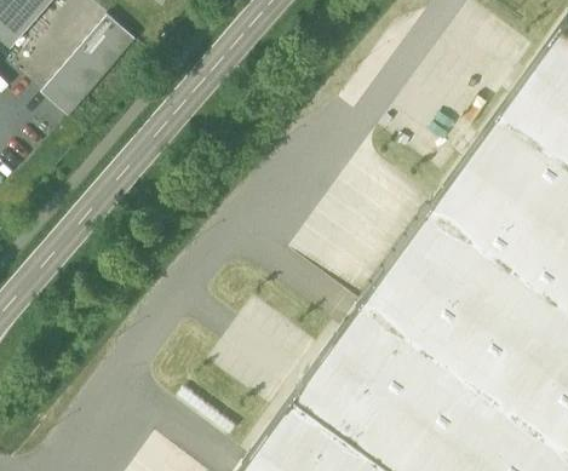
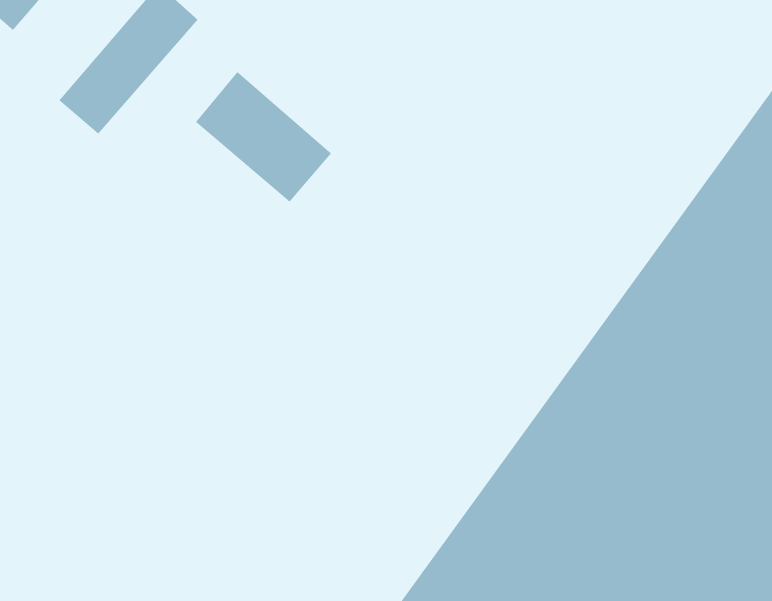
building: none -> [195,71,332,202]

